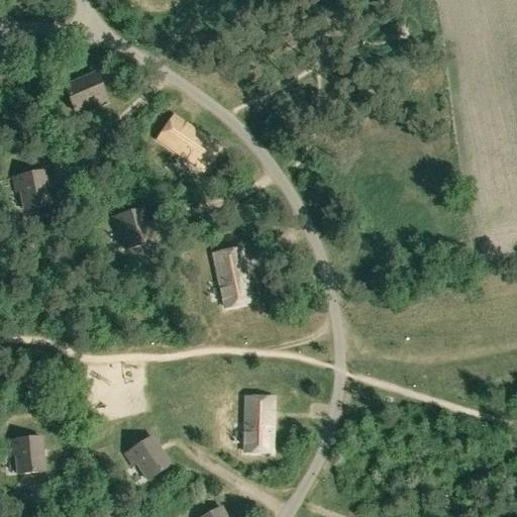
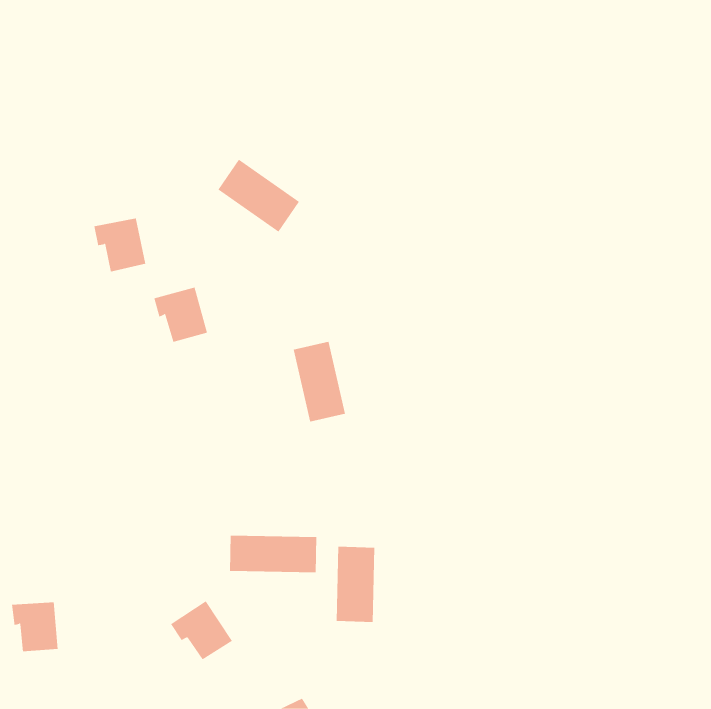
building: [63,72,107,109] -> none
building: [11,170,49,209] -> [93,218,146,272]
building: none -> [230,535,317,573]

